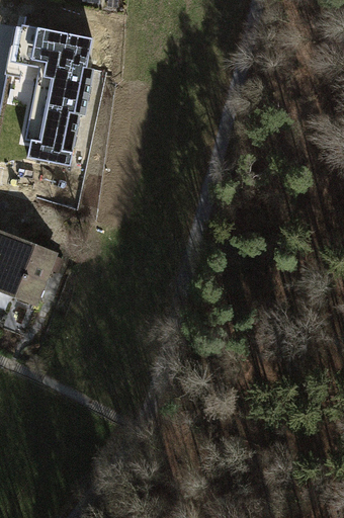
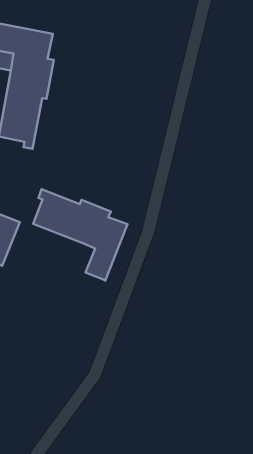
building: none -> [33,189,127,281]

